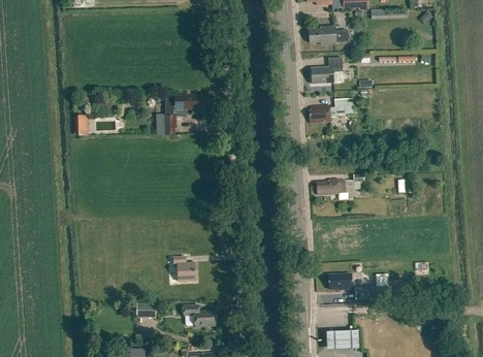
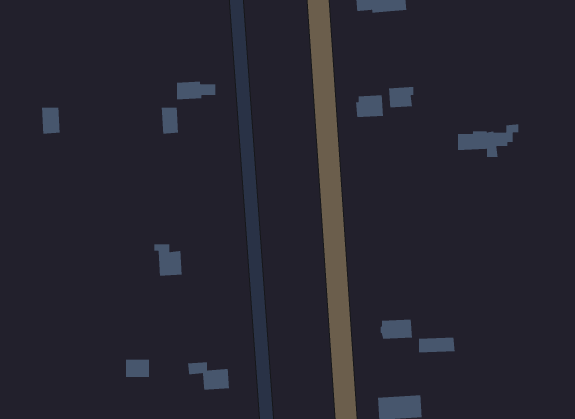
building: [311,57,343,83] -> none
building: [317,173,363,199] -> [457,123,519,158]
building: [173,256,195,281] -> [154,243,183,276]

